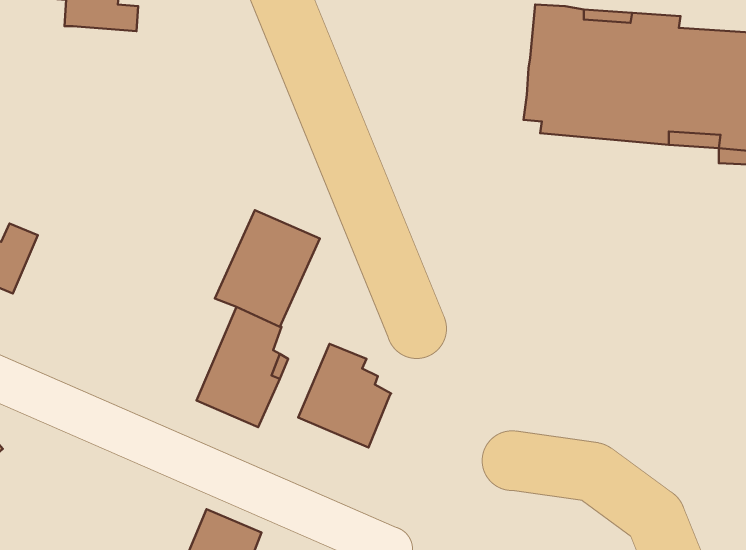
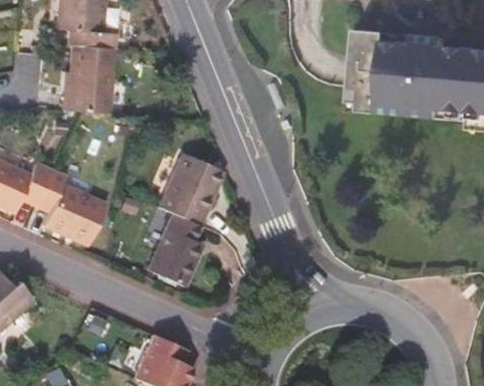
building: none -> [65,44,113,115]
building: none -> [39,170,107,243]
building: [298,344,391,448] -> none

